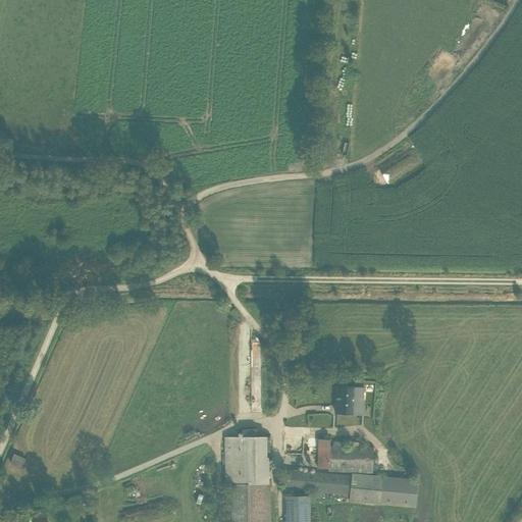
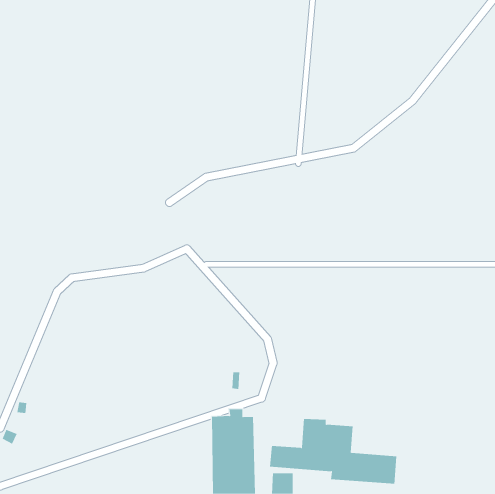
building: [335,381,363,416] -> none

